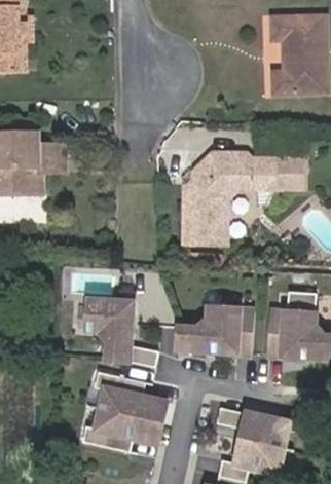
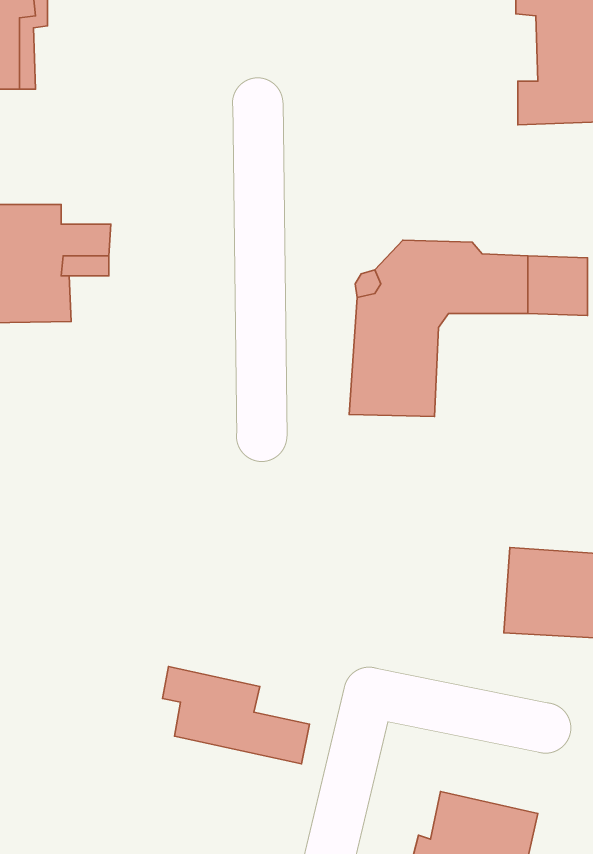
building: [86,299,157,367] -> none
building: [176,306,253,353] -> none
building: [213,405,288,448] -> none
building: [77,408,160,450] -> none

